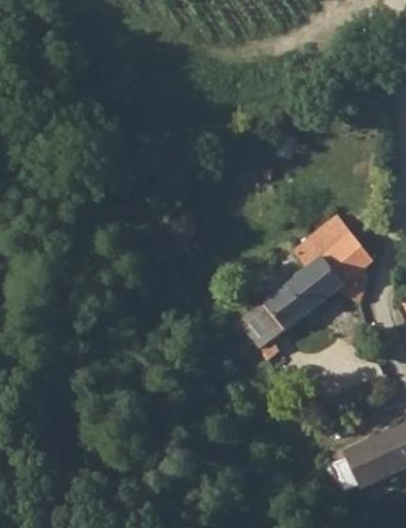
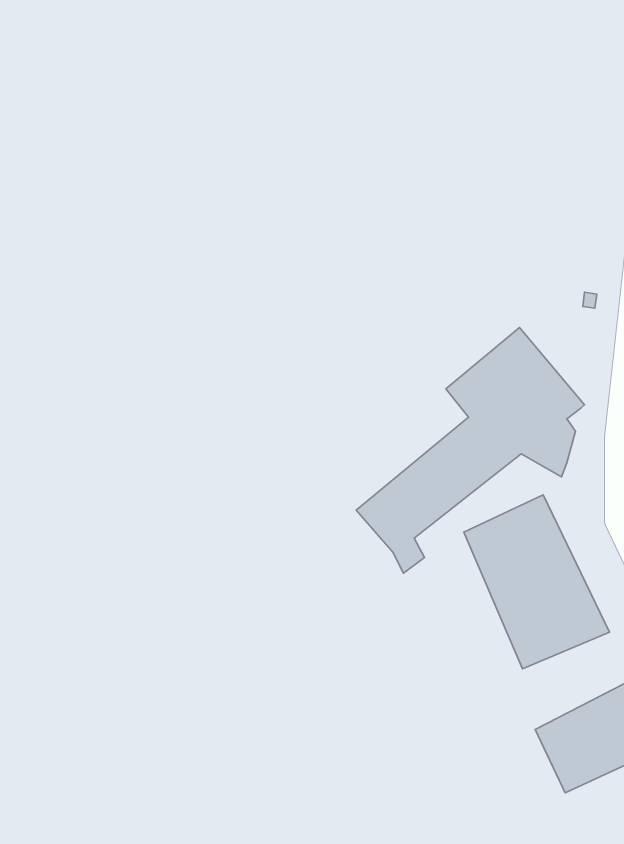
building: none -> [464,495,610,669]

